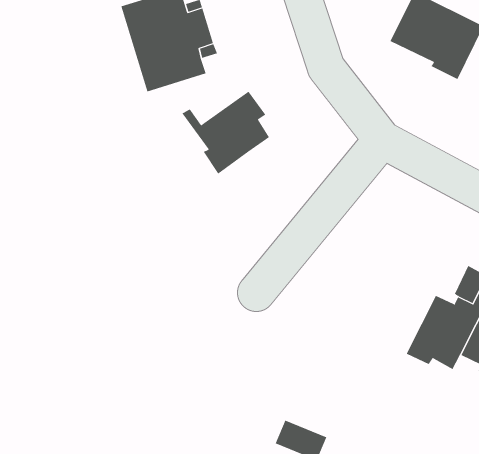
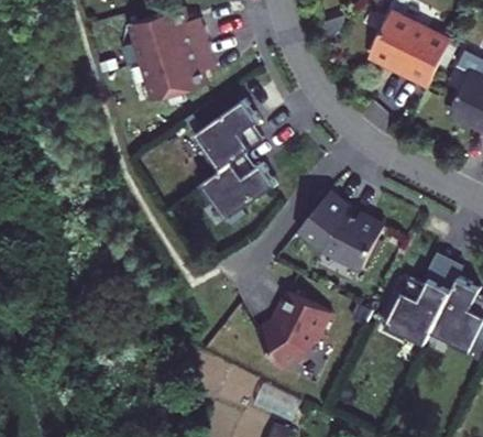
building: none -> [196,151,275,225]
building: none -> [299,192,384,269]
building: none -> [256,292,331,369]

